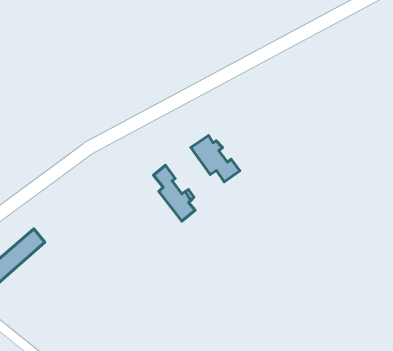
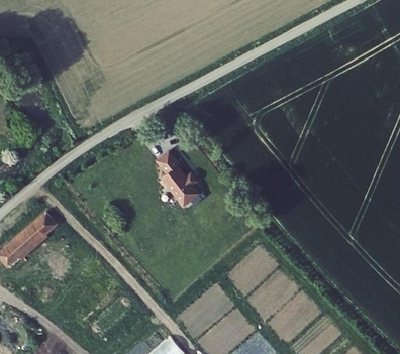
building: [191,135,240,182] -> none

